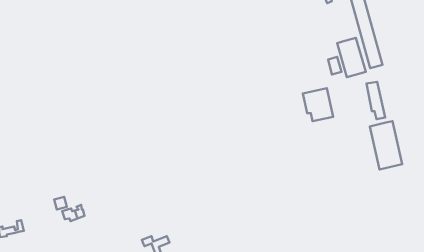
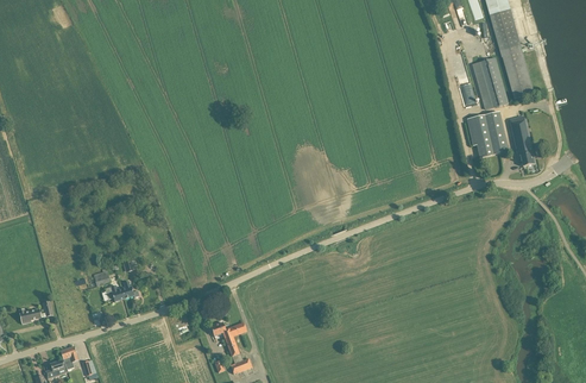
building: [303,88,333,121] -> [466,112,506,156]
building: [370,121,402,169] -> none

